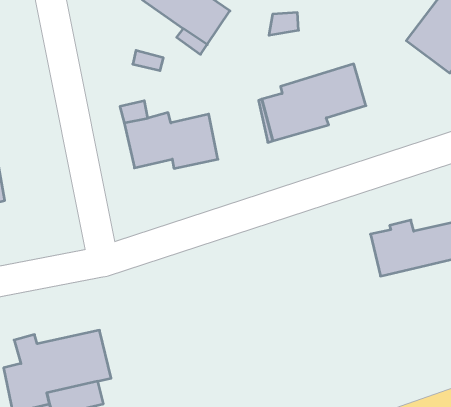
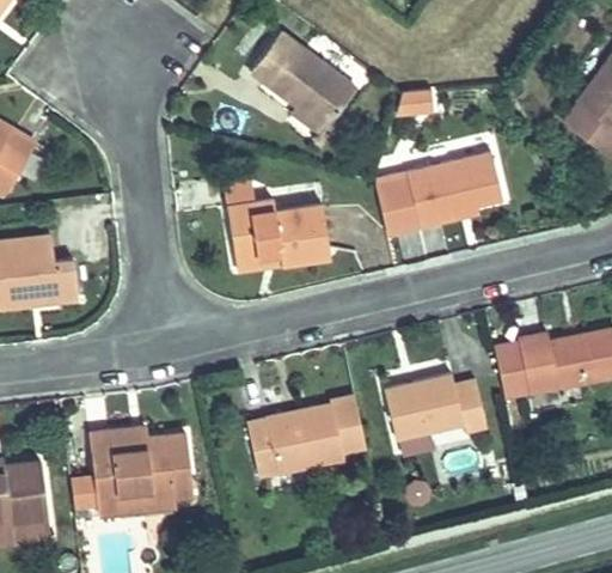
building: none -> [378,374,479,435]
building: none -> [243,392,359,469]

